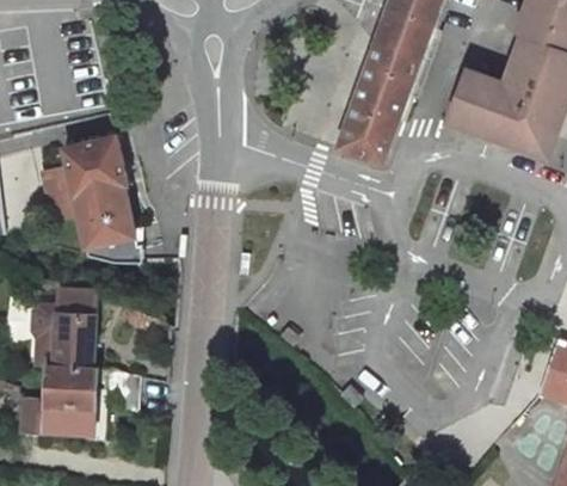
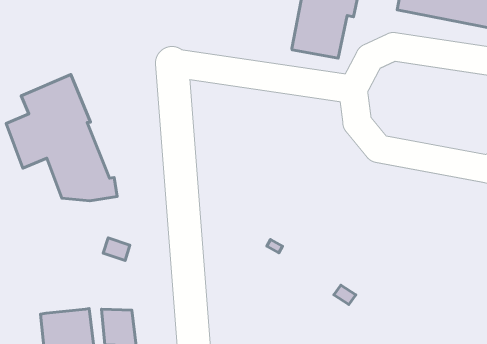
building: [31,287,97,367] -> none

